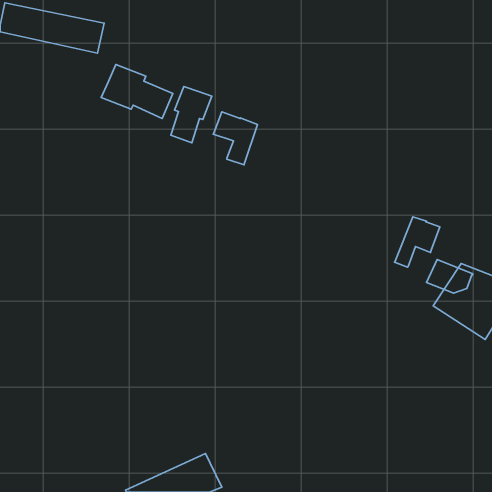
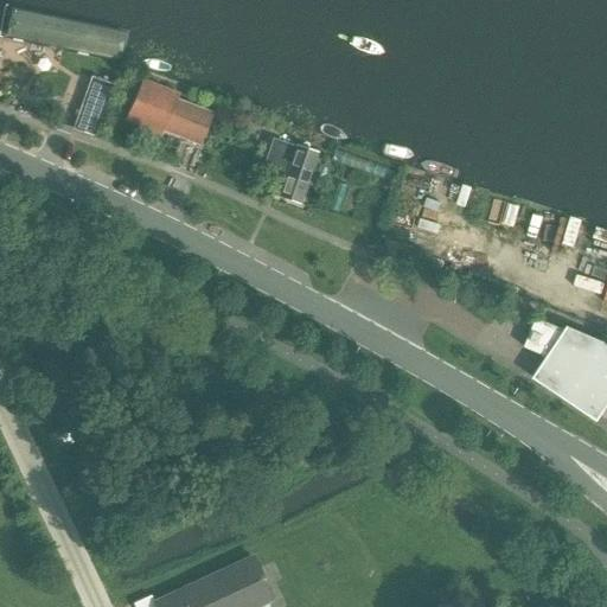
building: none -> [82,78,114,114]
building: [171,87,212,143] -> none
building: [395,217,440,267] -> none

